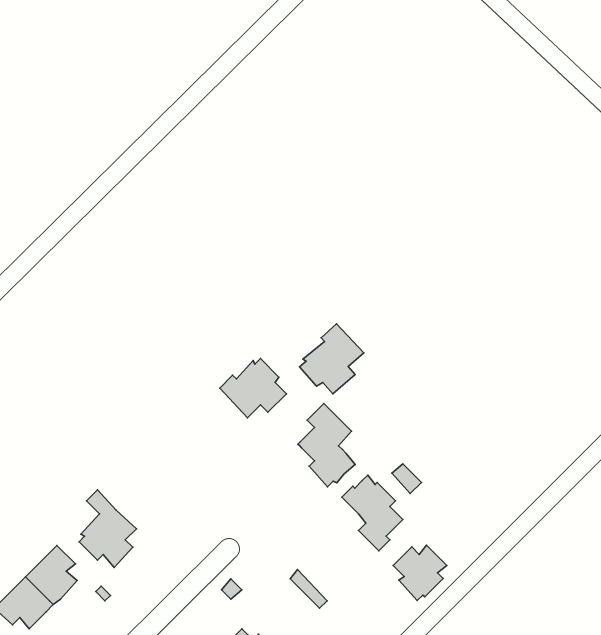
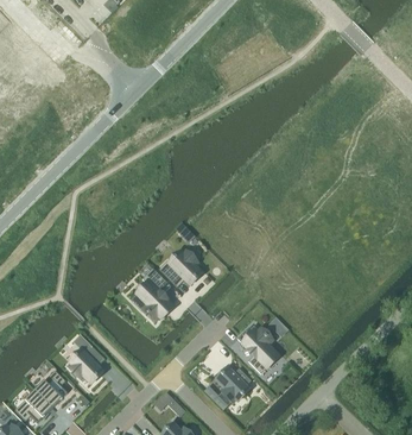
building: [300,324,364,394] -> none
building: [298,403,355,487] -> [137,267,173,321]
building: [393,545,447,601] -> [217,367,252,403]

